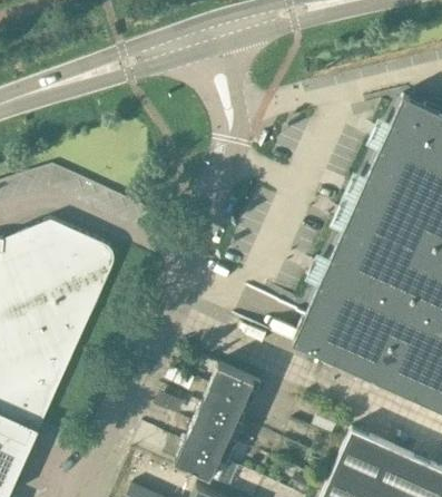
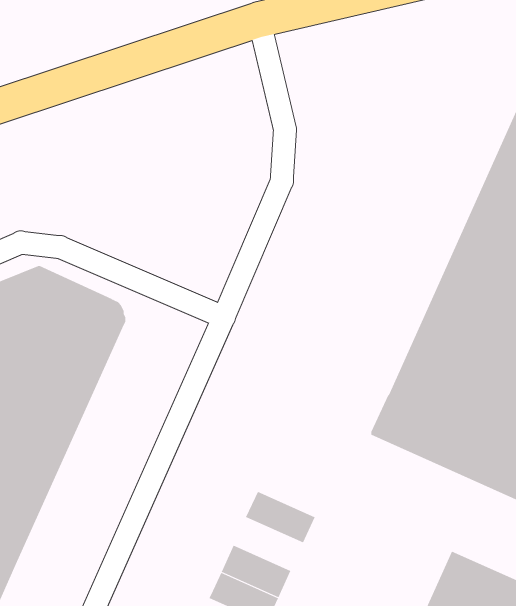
building: [209,367,261,406] -> none
building: [191,406,243,445] -> none

